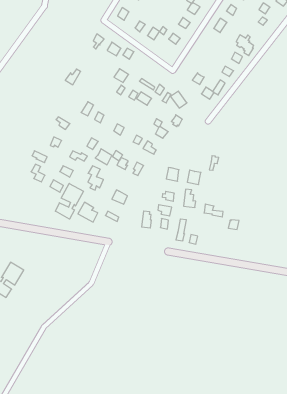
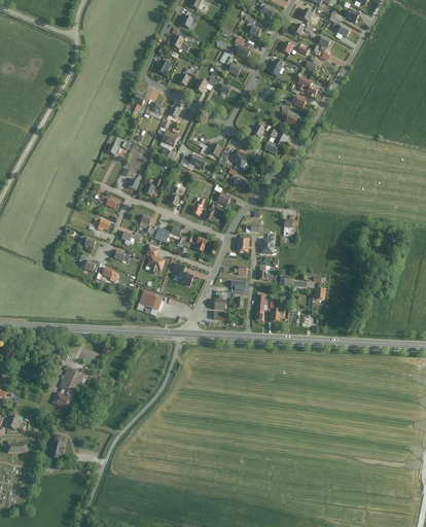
building: [55,183,83,219] -> none

